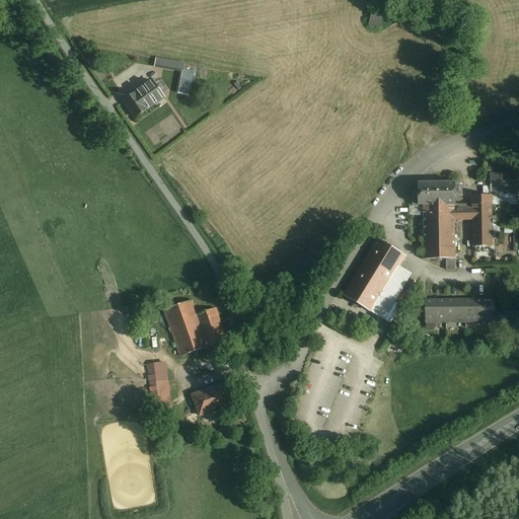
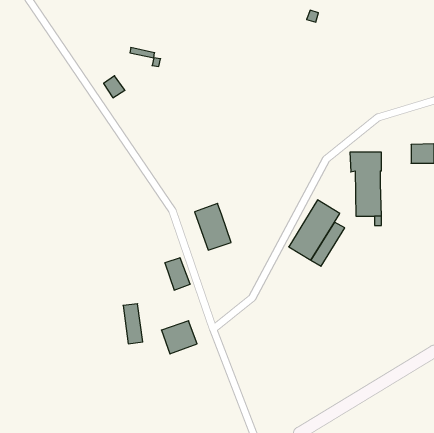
building: [137,80,164,106] -> none
building: [454,195,492,245] -> none
building: [164,299,208,355] -> [195,203,231,250]
building: [426,299,494,320] -> none

